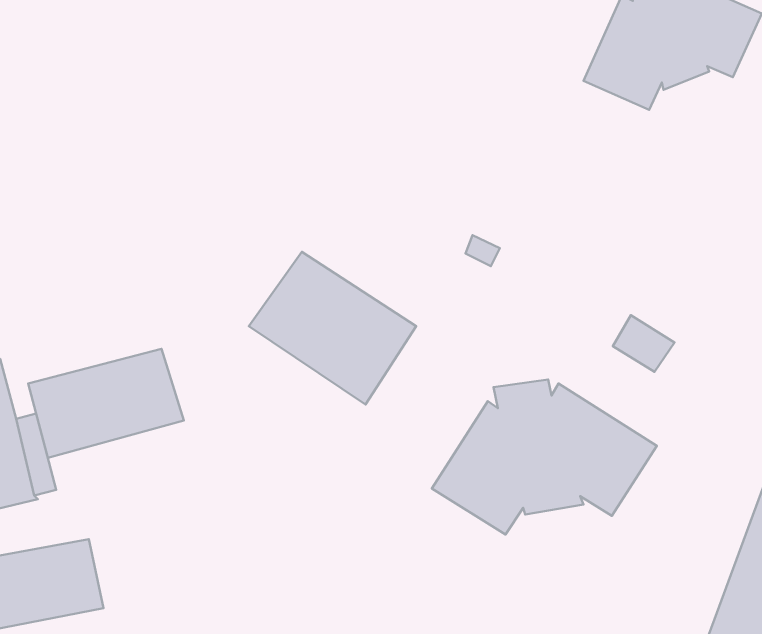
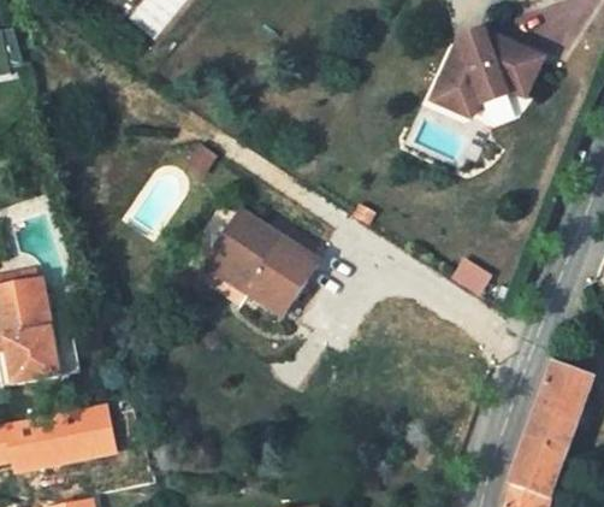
building: [28,349,184,458] -> none
building: [432,379,657,535] -> none

